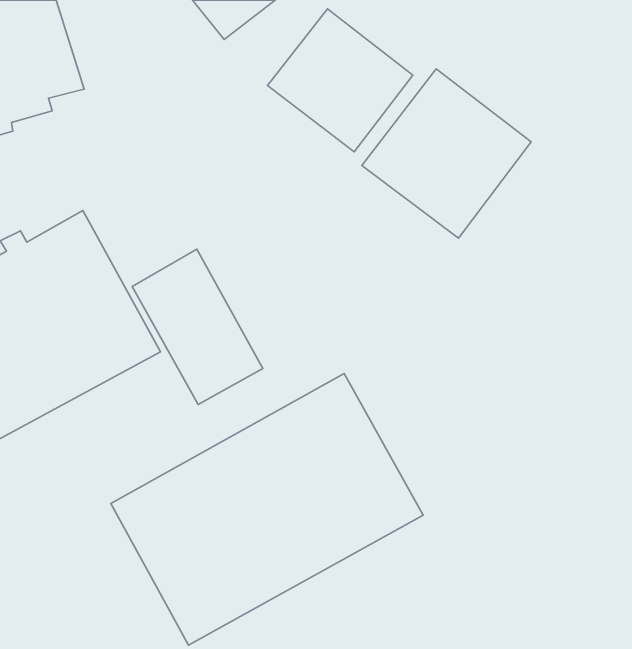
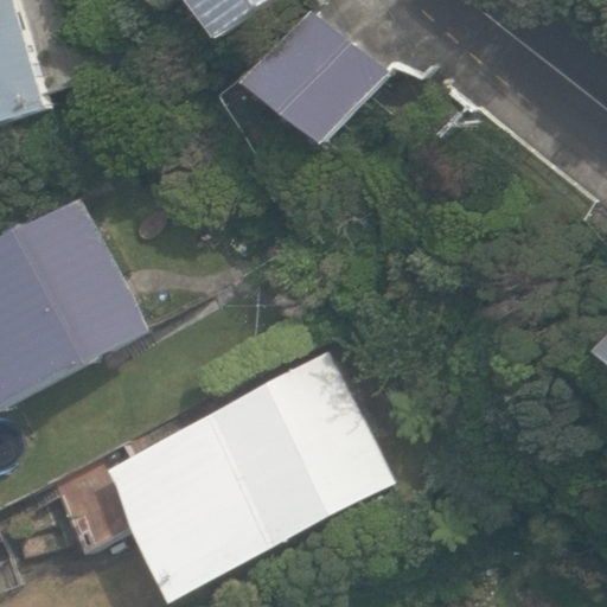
building: [362,69,531,238] -> none
building: [132,249,263,404] -> none

